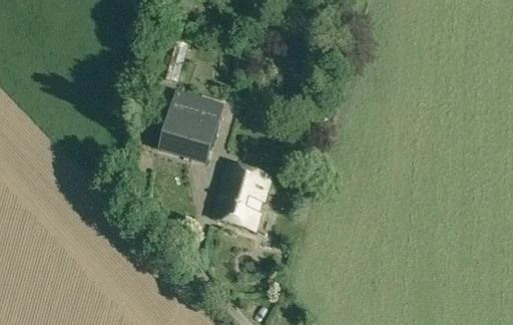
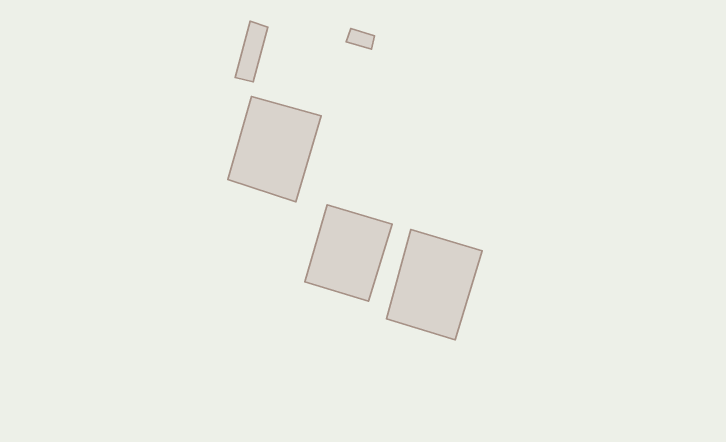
building: none -> [387,230,482,340]

